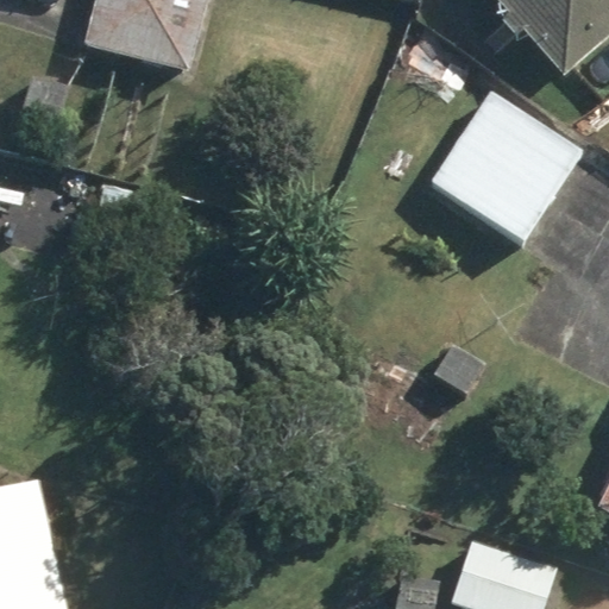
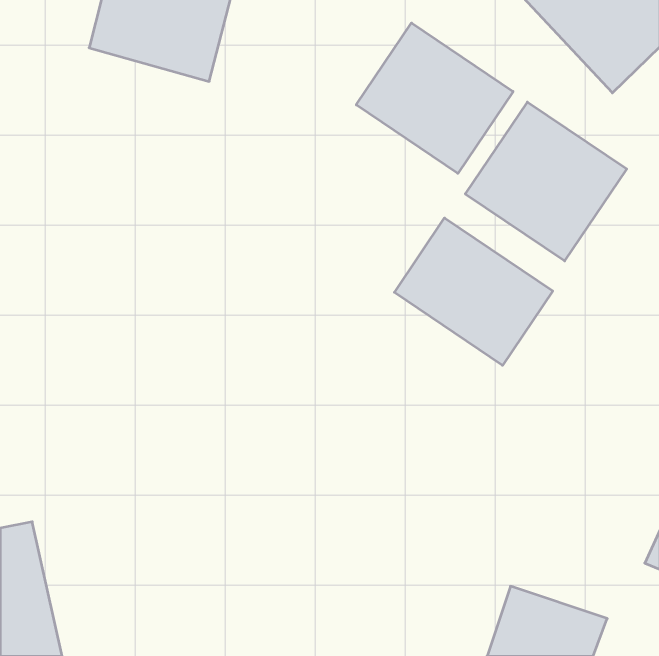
building: none -> [356,23,513,173]
building: none -> [394,218,553,365]

